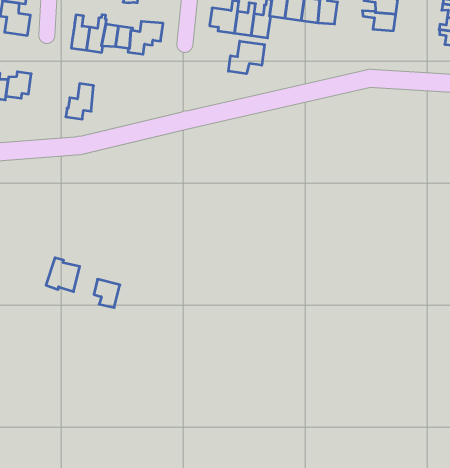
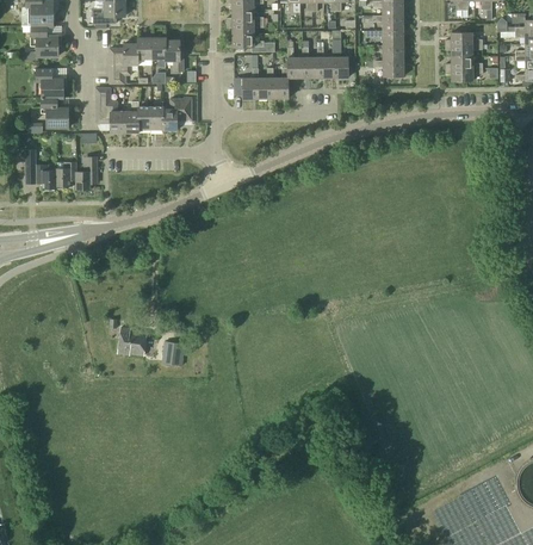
building: [228,41,265,74] -> none
building: [66,84,94,119] -> [75,156,98,188]

